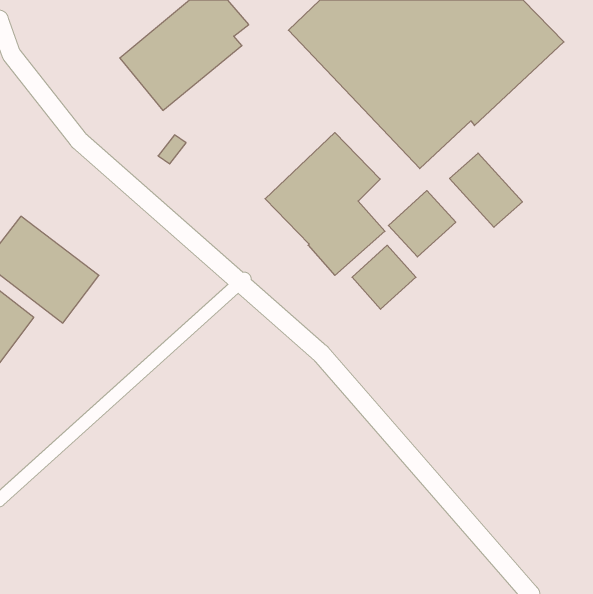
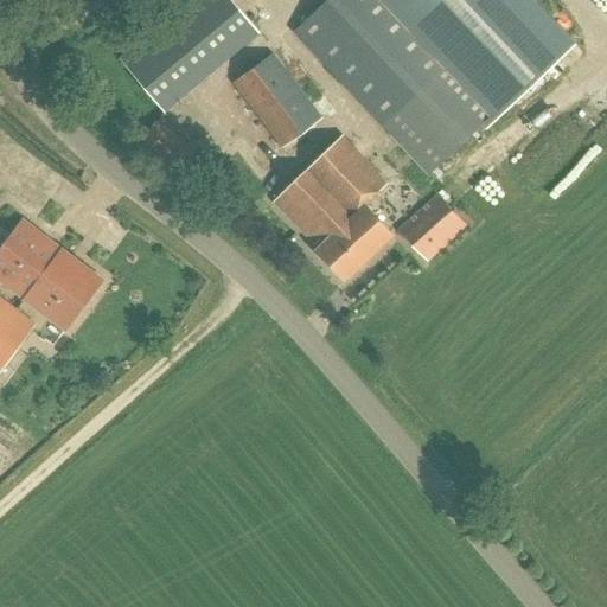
building: none -> [231,52,321,149]
building: [450,153,522,227] -> none
building: [352,245,416,309] -> none

